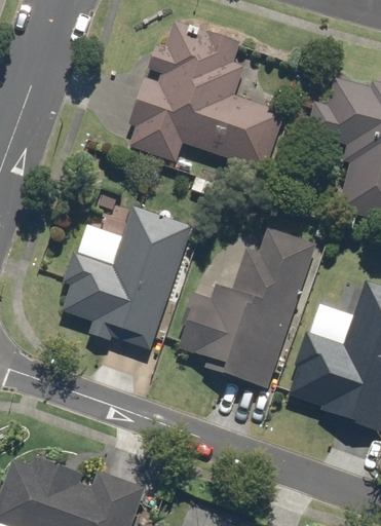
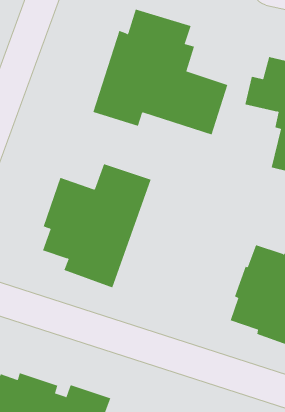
building: [175,225,318,391] -> none

